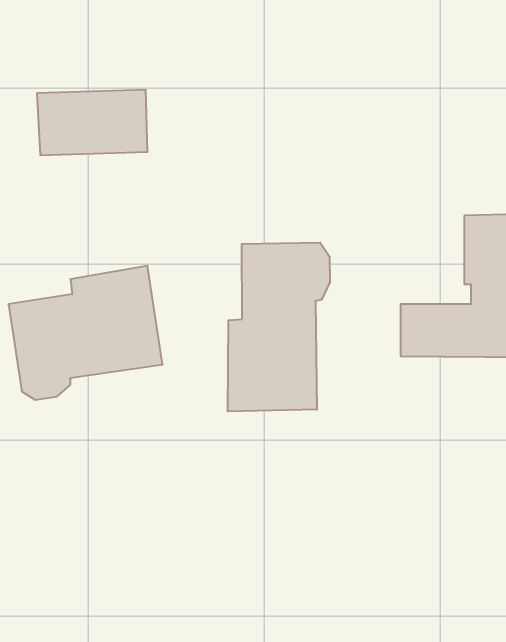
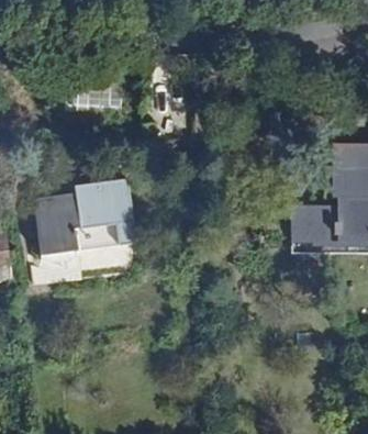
building: [228,243,330,411] -> none

